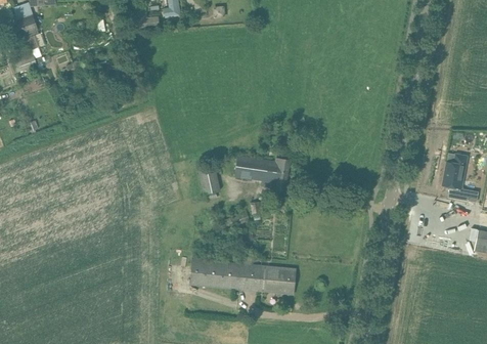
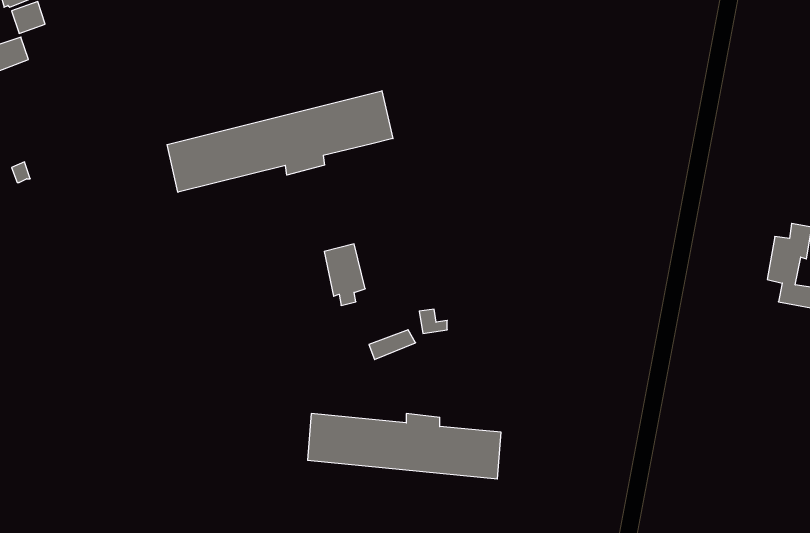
building: none -> [167,91,393,192]
building: [233,155,290,188] -> none

